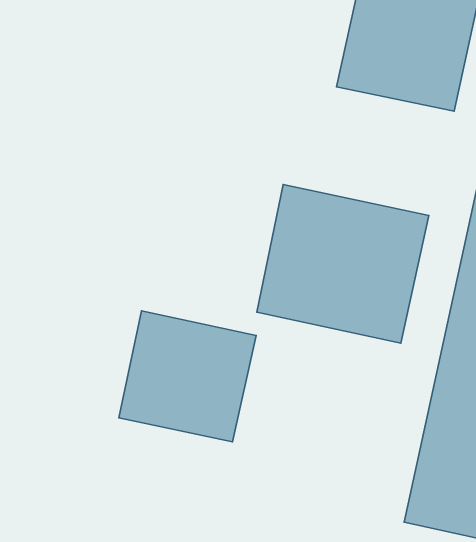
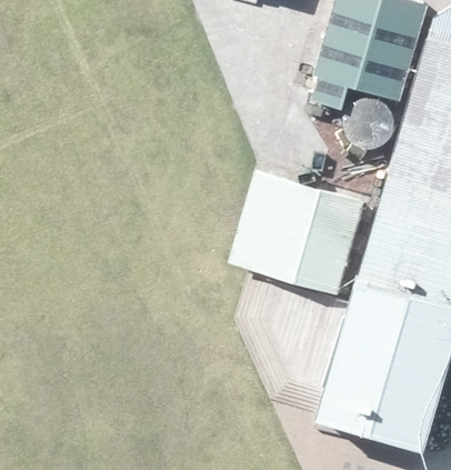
building: [119,311,256,442] -> none

